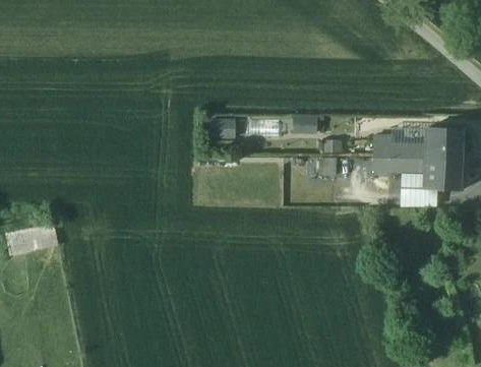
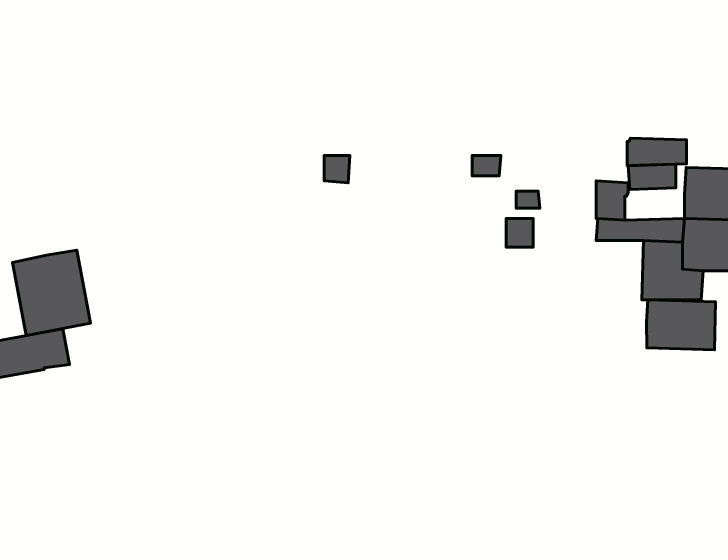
building: [389,142,425,159] -> [627,138,686,165]
building: none -> [12,250,91,336]
building: none -> [646,300,716,350]

